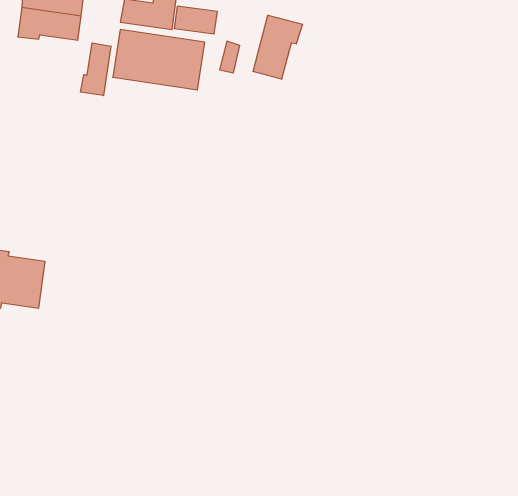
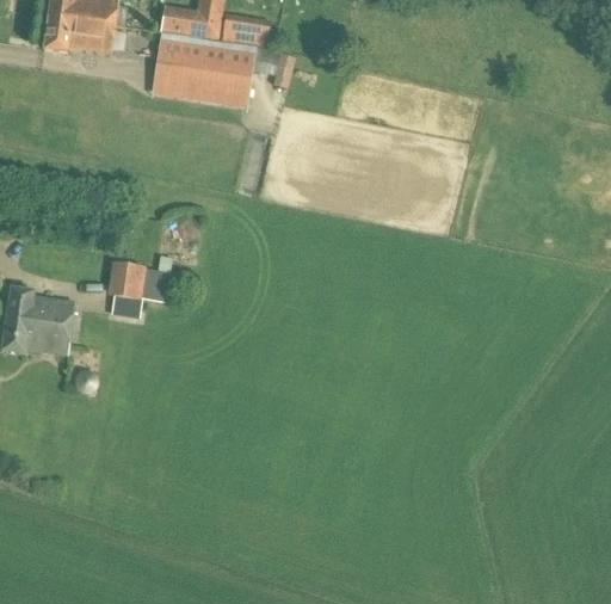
building: [253,15,302,79] -> none
building: [80,43,111,96] -> none
building: none -> [109,263,169,301]

